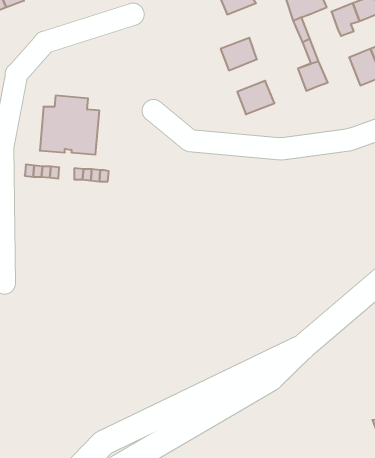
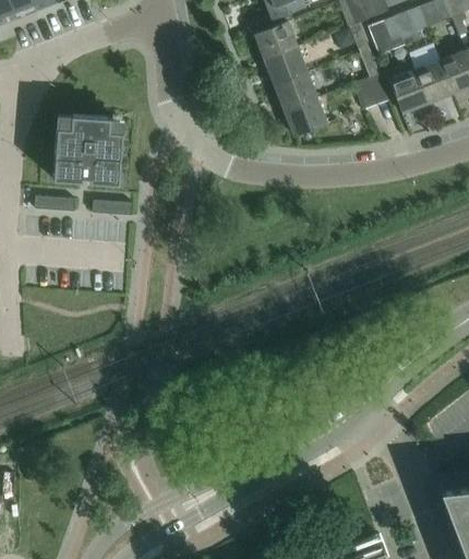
building: none -> [369,16,405,55]
building: none -> [254,21,298,60]
building: none -> [388,70,428,112]
building: none -> [274,72,316,110]

